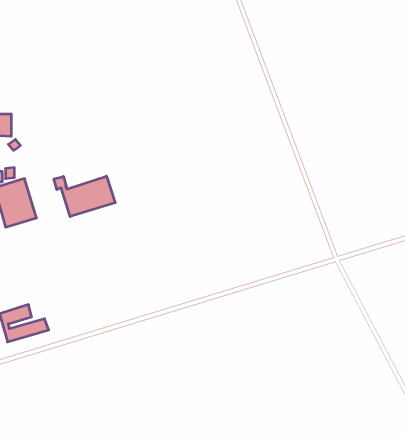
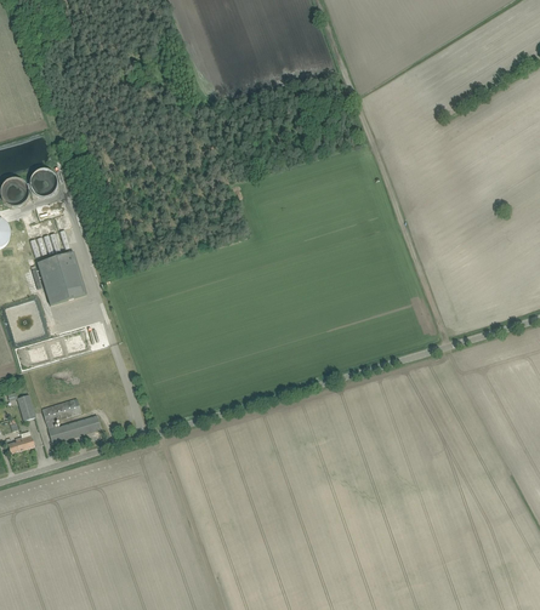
building: [54,176,115,217] -> none

